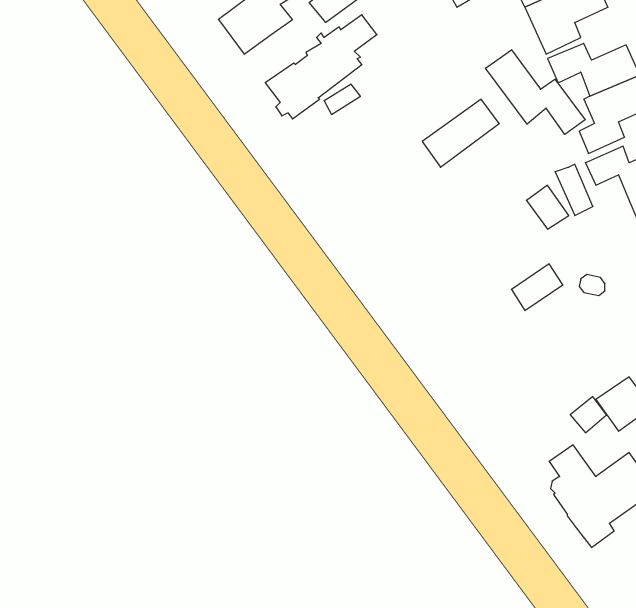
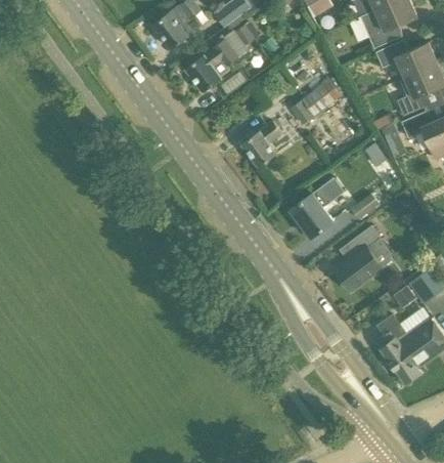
building: [485,50,585,134] -> none
building: none -> [240,120,281,167]
building: none -> [290,178,346,238]
building: none -> [335,225,383,291]

